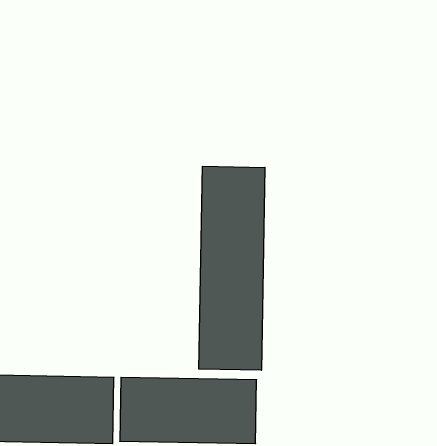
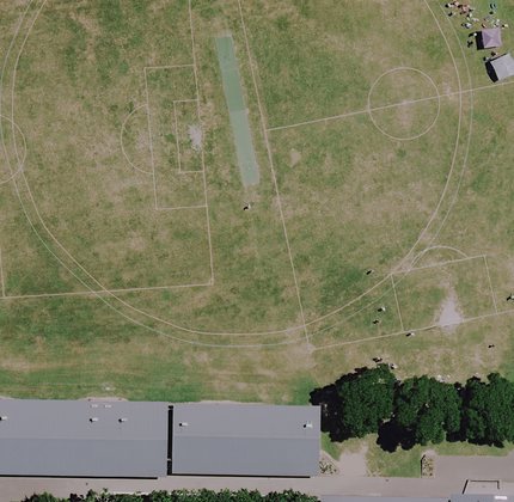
building: [199,166,265,370] -> none

